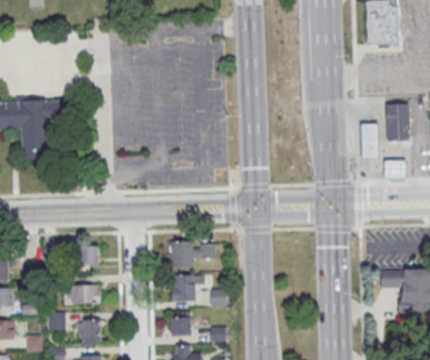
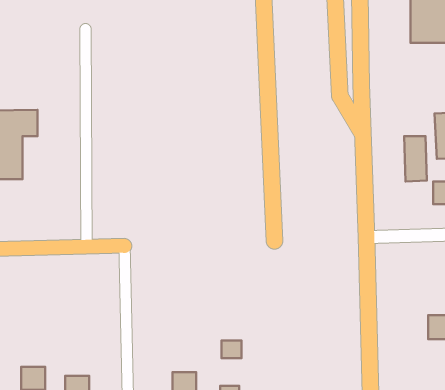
building: [171,242,215,268] -> none
building: [79,245,99,265] -> none
building: [172,274,197,301] -> none
building: [63,284,100,303] -> none

